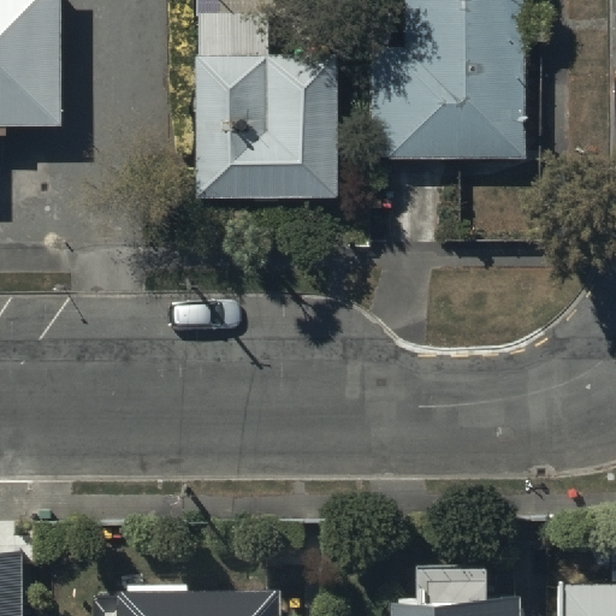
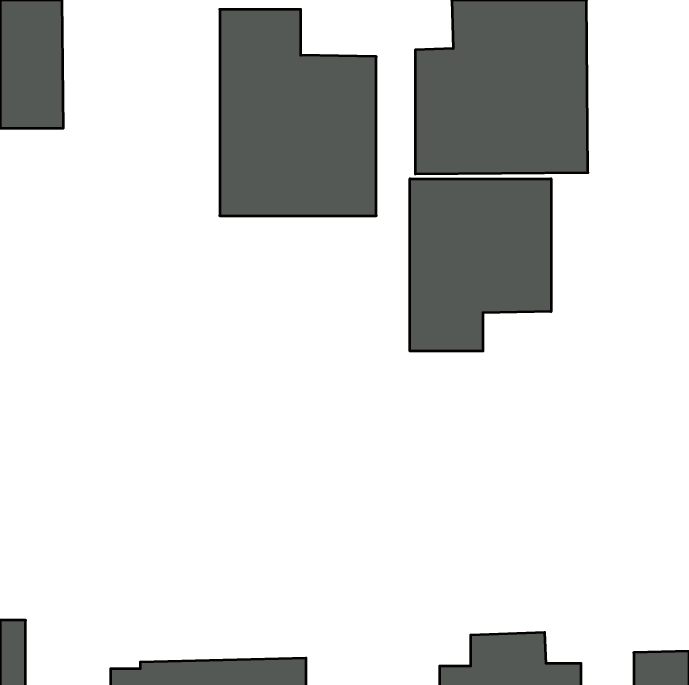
building: none -> [410,179,551,351]

